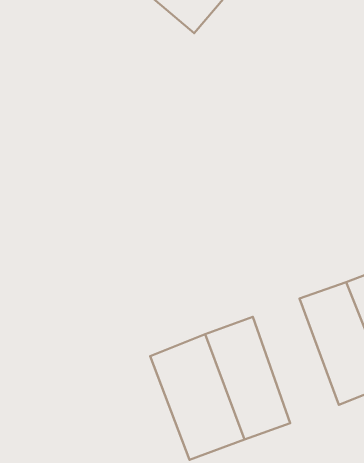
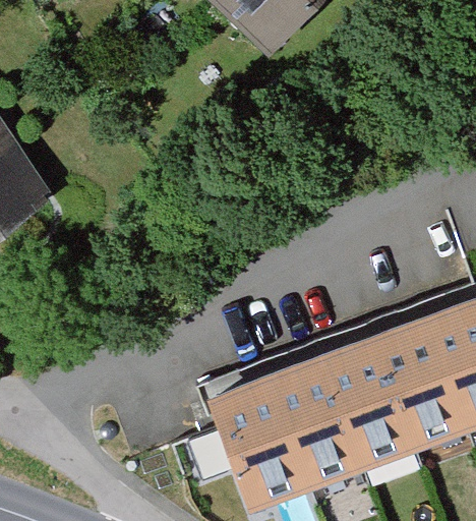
building: none -> [321,334,417,472]

